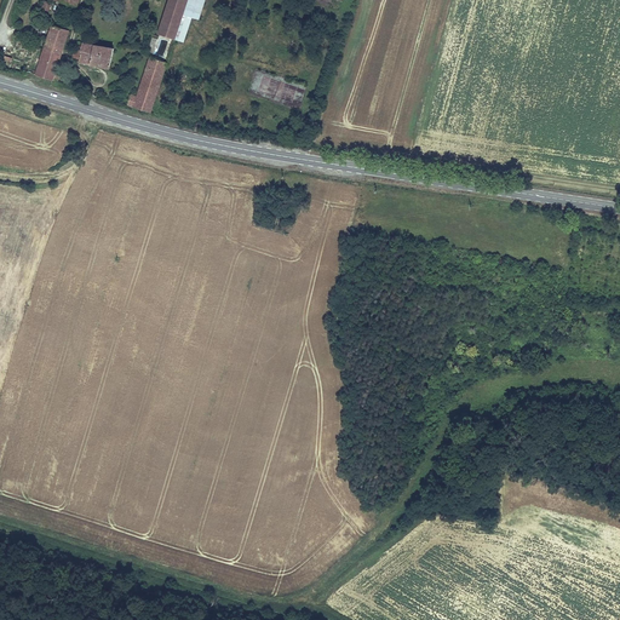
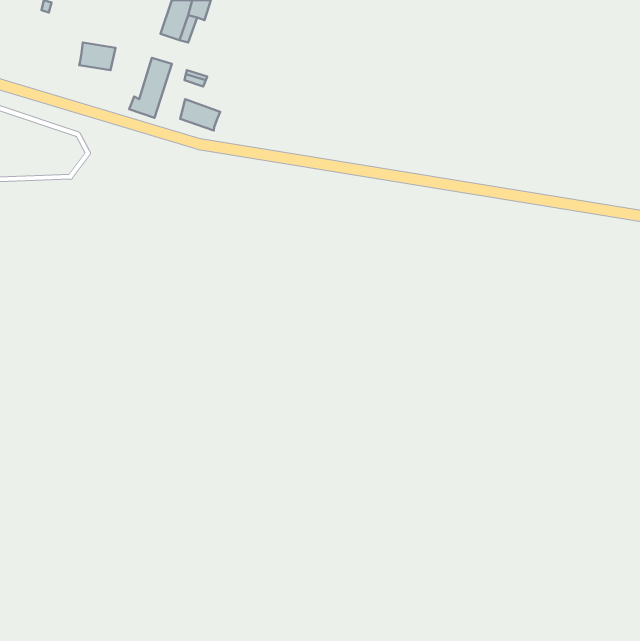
building: [33,24,68,82] -> none
building: none -> [180,99,220,131]

